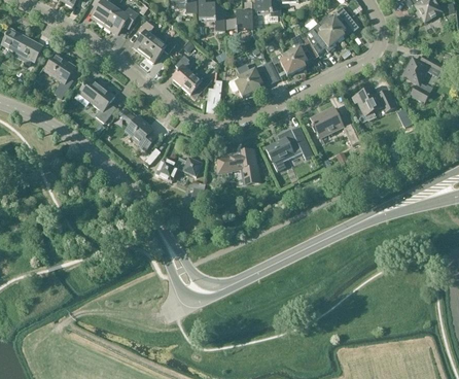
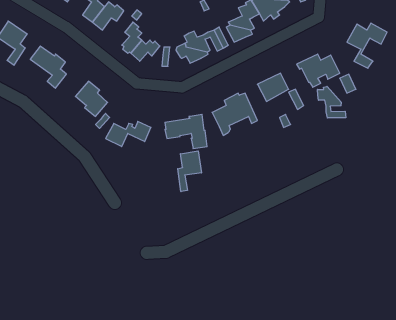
building: none -> [318,86,346,118]
building: none -> [178,151,201,192]

